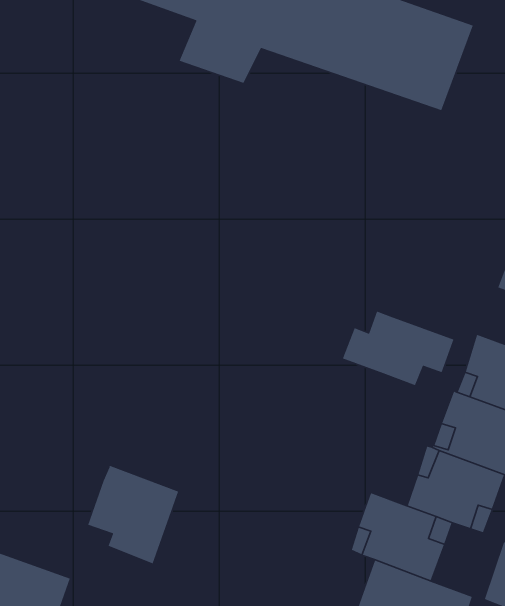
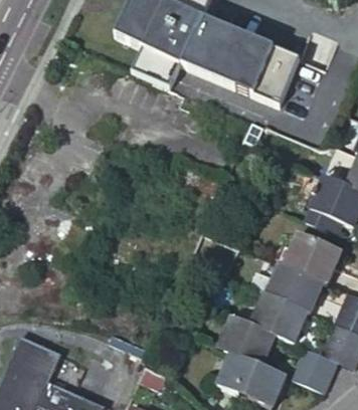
building: [342,310,455,386] -> none
building: [87,464,179,564] -> none

